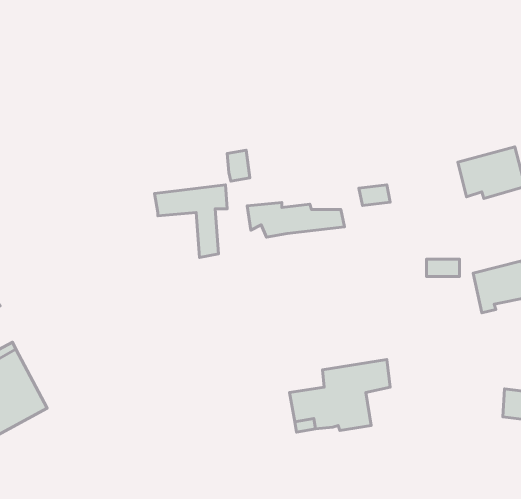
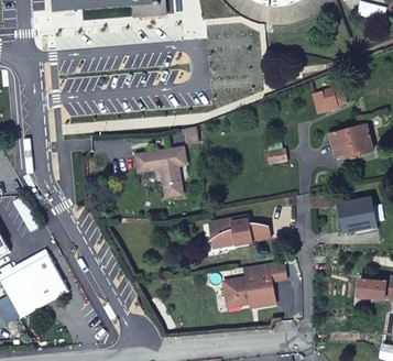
building: none -> [312,87,346,113]
building: [247,202,344,237] -> [210,220,272,242]

